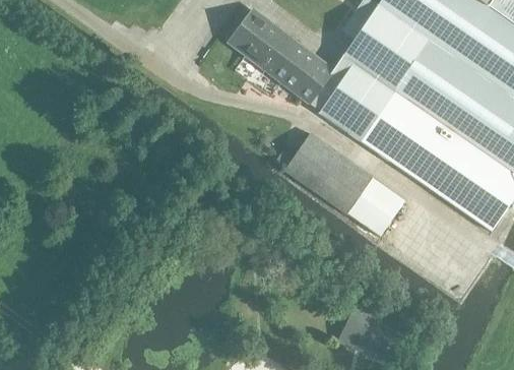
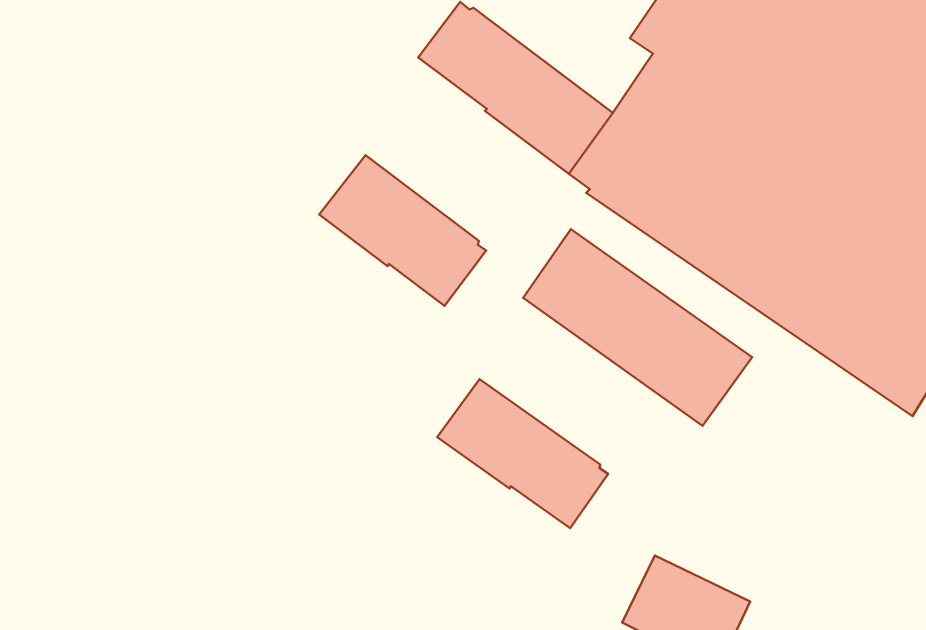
building: none -> [319,155,486,306]
building: none -> [437,379,608,528]

